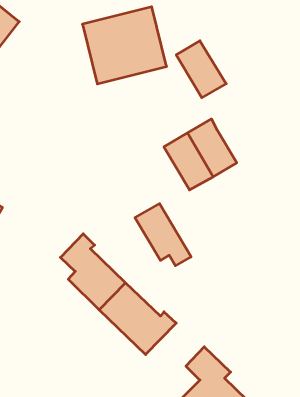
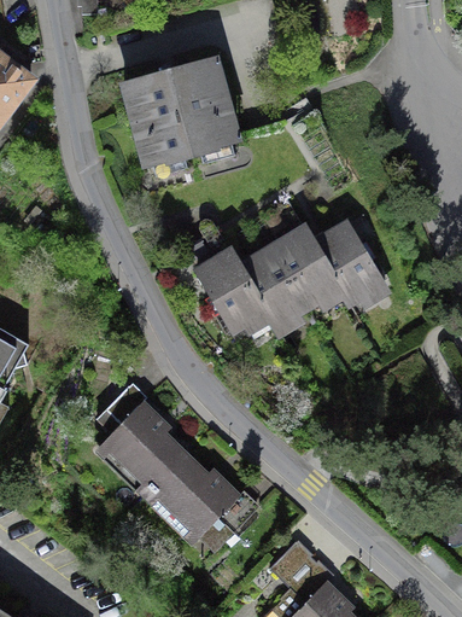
building: [176,41,226,98] -> [311,220,380,298]
building: [135,204,191,266] -> [195,248,273,333]

